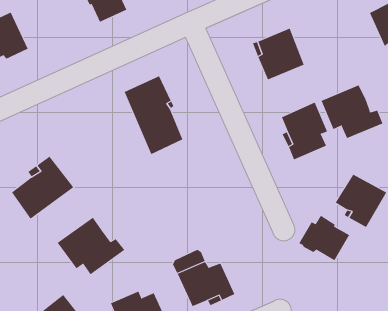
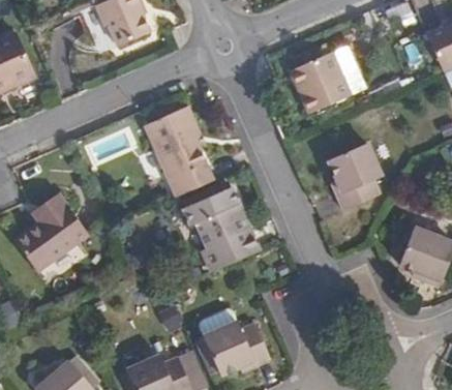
building: [321,84,383,139] -> none
building: none -> [183,187,258,272]
building: [299,215,350,261] -> none
building: [57,217,125,275] -> none

